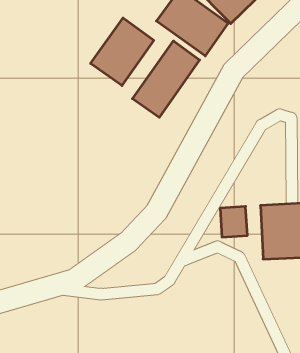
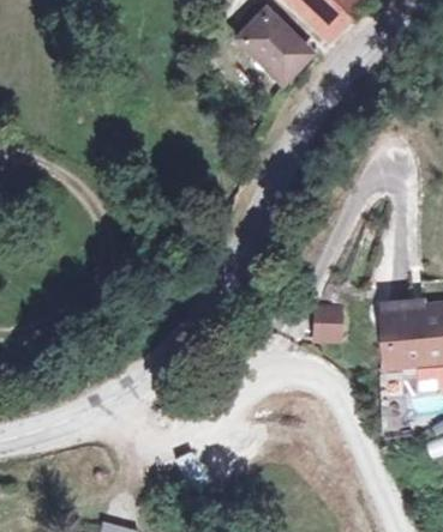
building: [91,18,154,86] -> none
building: [132,41,200,117] -> none

